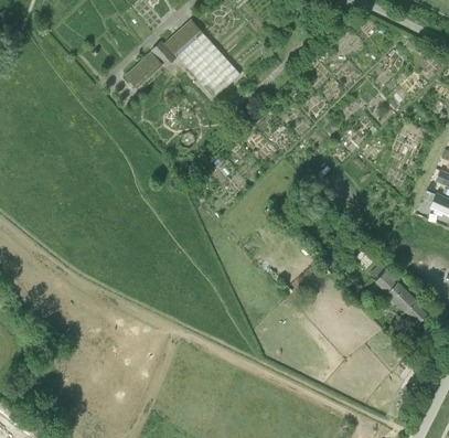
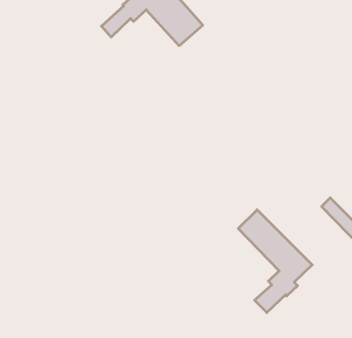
building: none -> [238,210,312,313]

